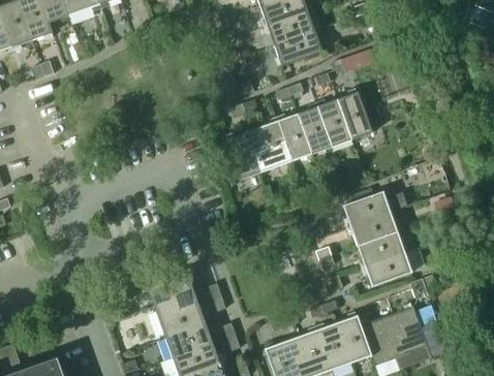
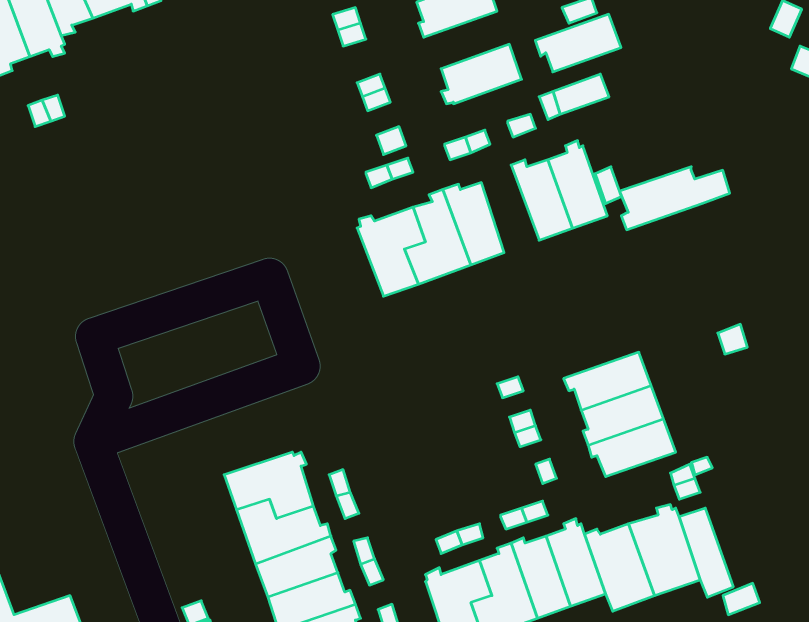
building: [265,11,315,45] -> [535,14,621,72]
building: [299,102,333,154] -> none
building: [343,191,408,228] -> [620,167,730,230]

